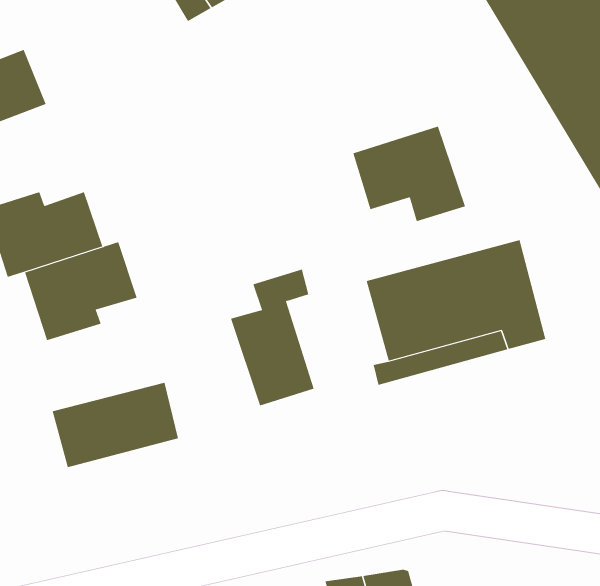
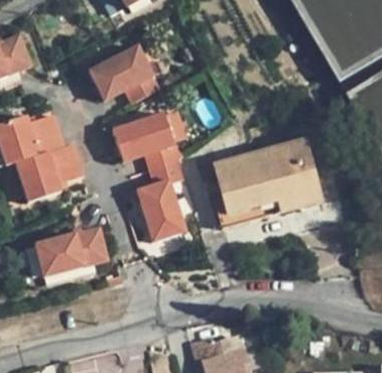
building: none -> [89,42,160,102]
building: [353,126,466,222] -> [113,112,179,168]

